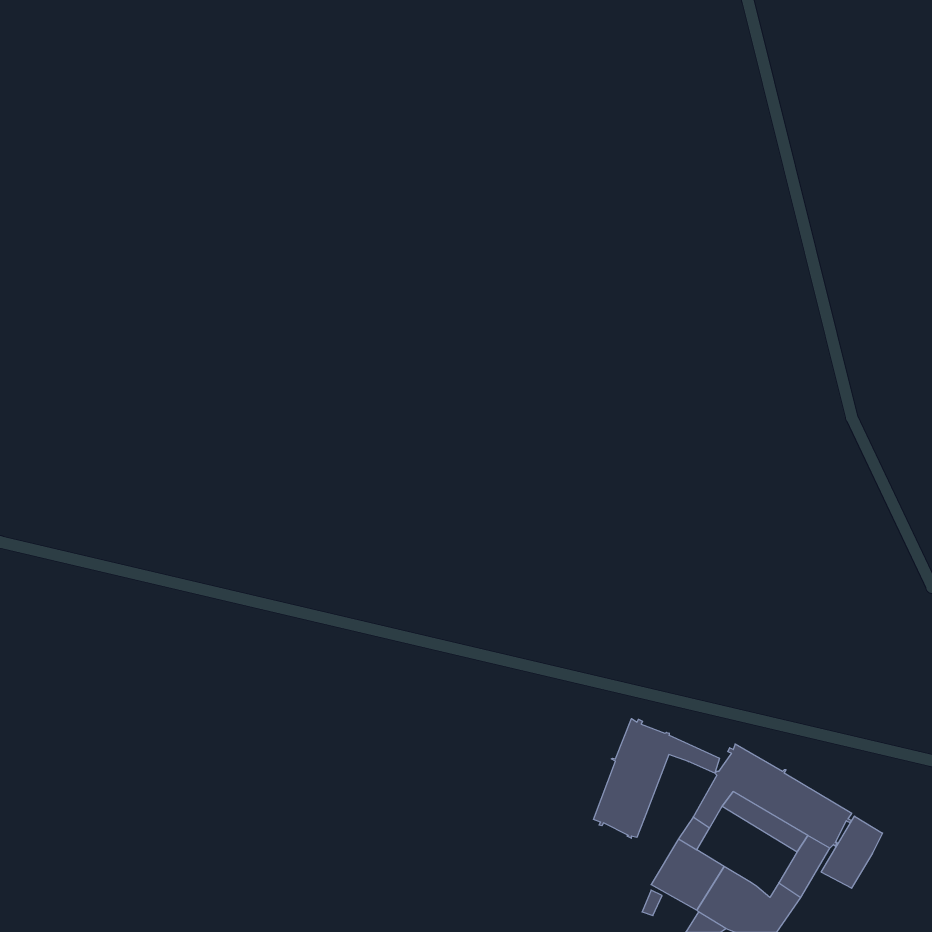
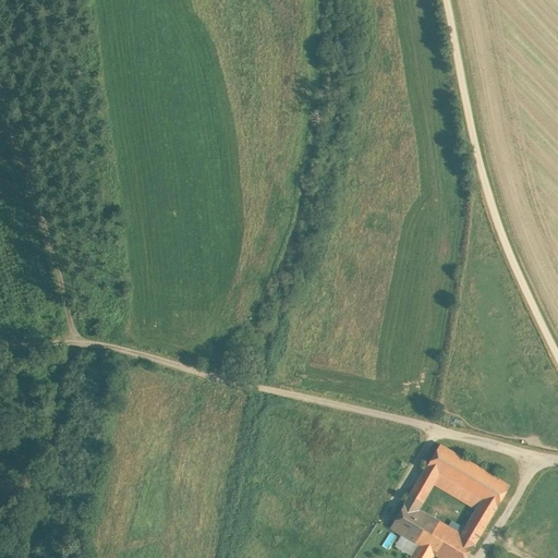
building: [594,719,719,838] -> none
building: [821,816,883,888] -> none

